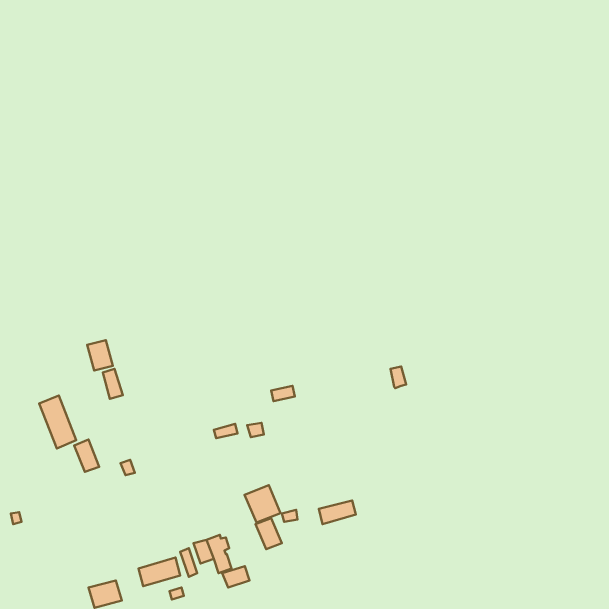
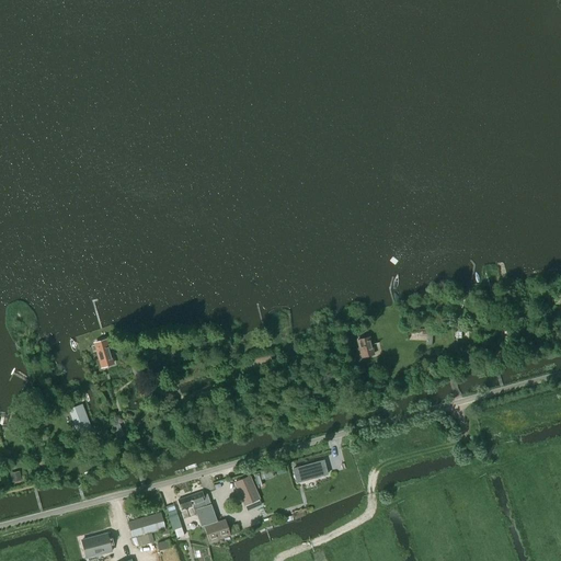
building: [87,340,113,370] -> none
building: [39,395,76,448] -> none
building: [245,485,281,523] -> none

